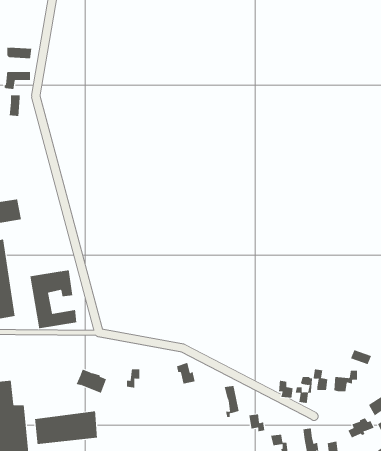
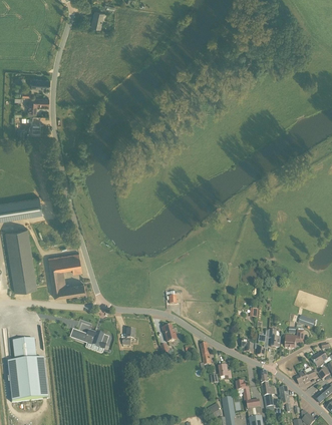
building: [35,410,98,445] -> none

